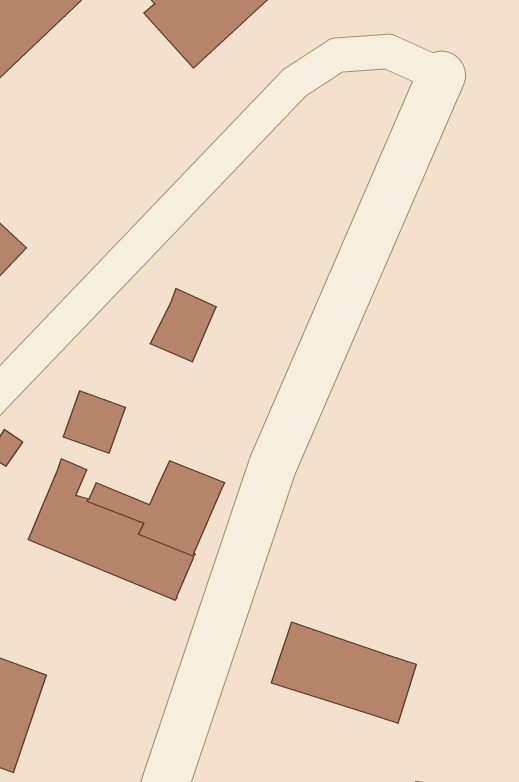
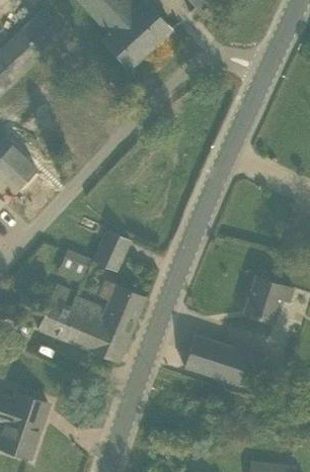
building: [150,288,216,362] -> [93,230,130,271]
building: none -> [244,276,295,324]
building: [271,622,416,723] -> [183,335,263,390]

